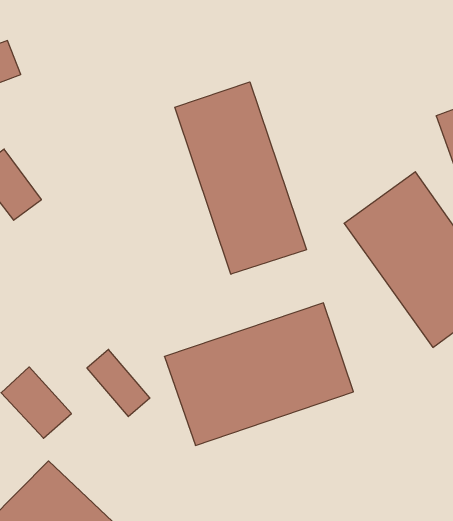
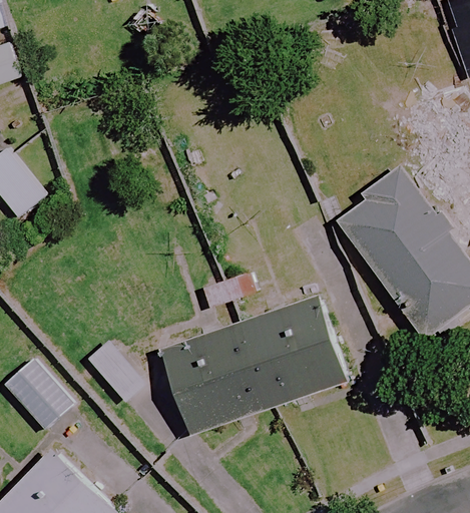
building: [175,82,306,274] -> none

